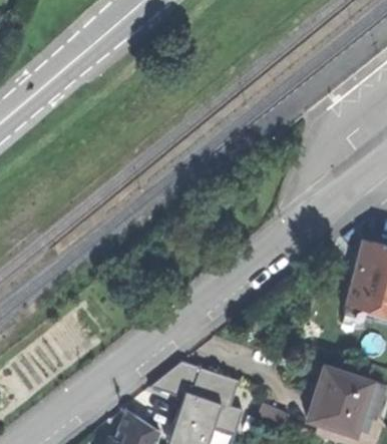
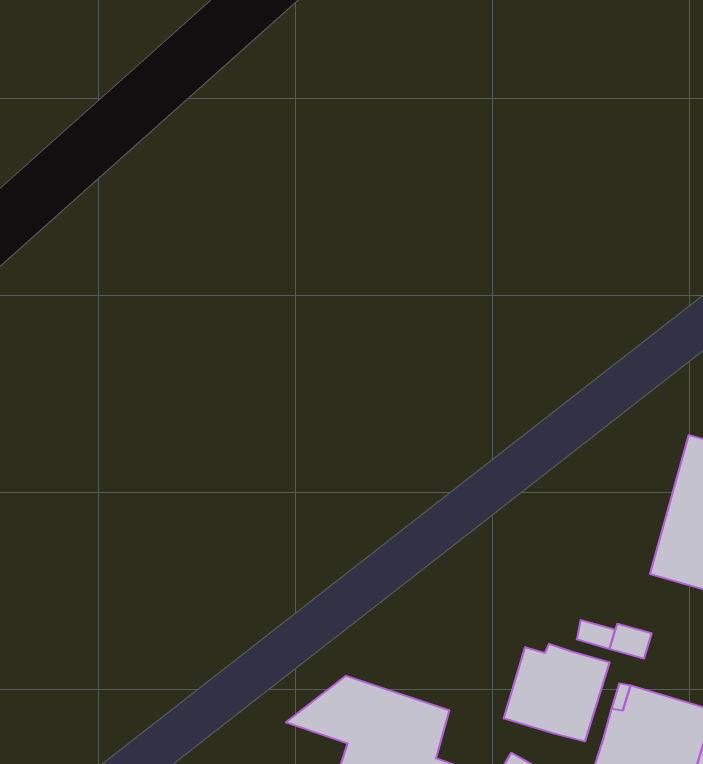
building: none -> [504,644,609,741]

